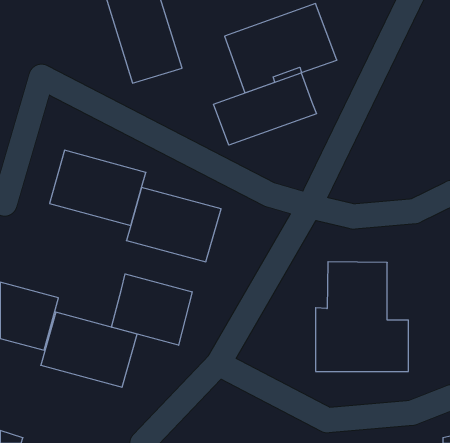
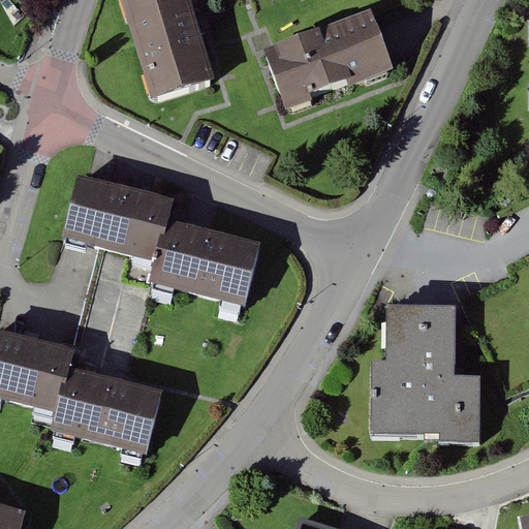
building: [214,73,317,145] -> none
building: [112,274,192,345] -> none

